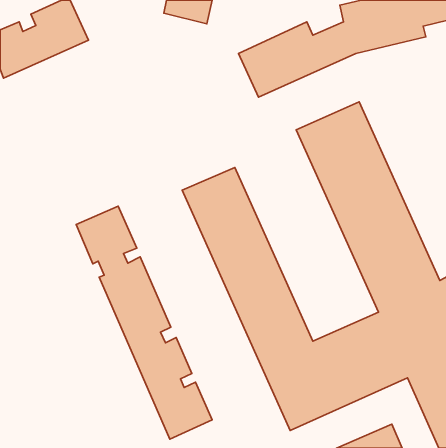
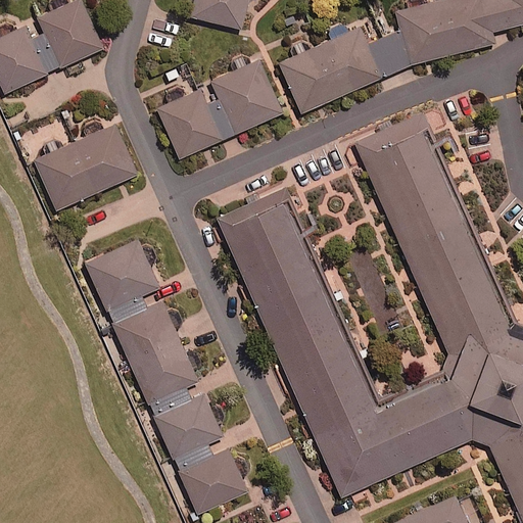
building: none -> [159,59,284,157]
building: none -> [37,124,139,208]

